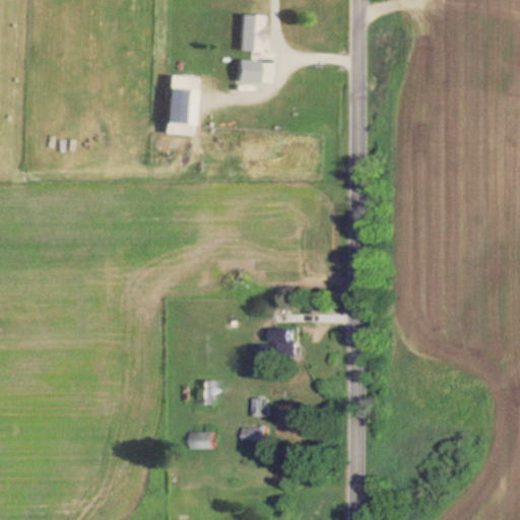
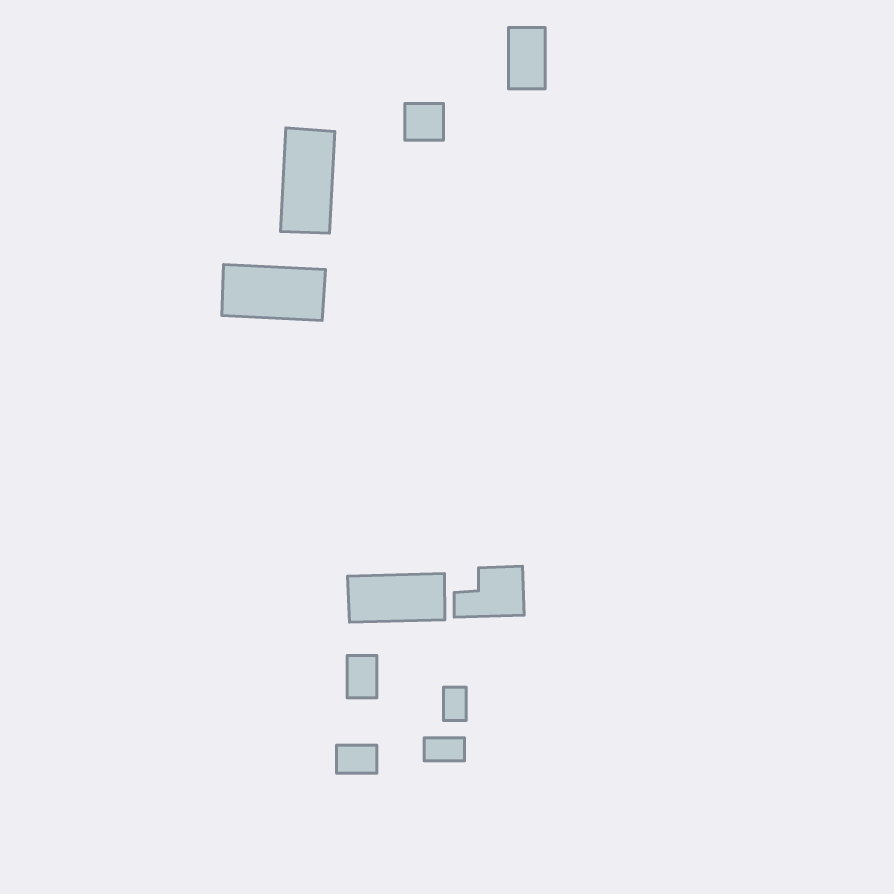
building: [239,14,260,50] -> [508,28,545,89]
building: none -> [222,264,325,321]
building: none -> [347,574,445,622]

